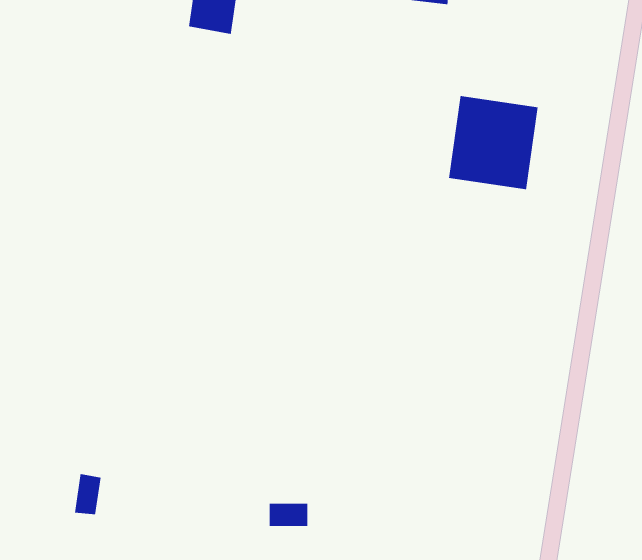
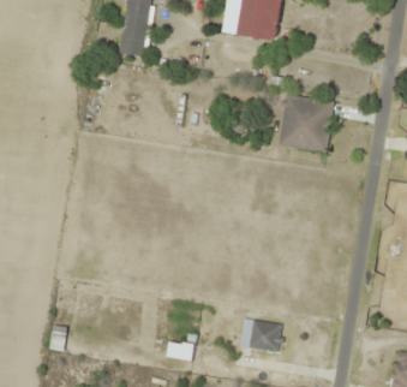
building: none -> [240,318,281,352]

